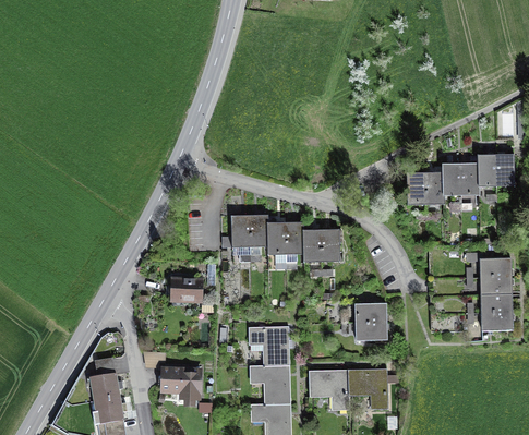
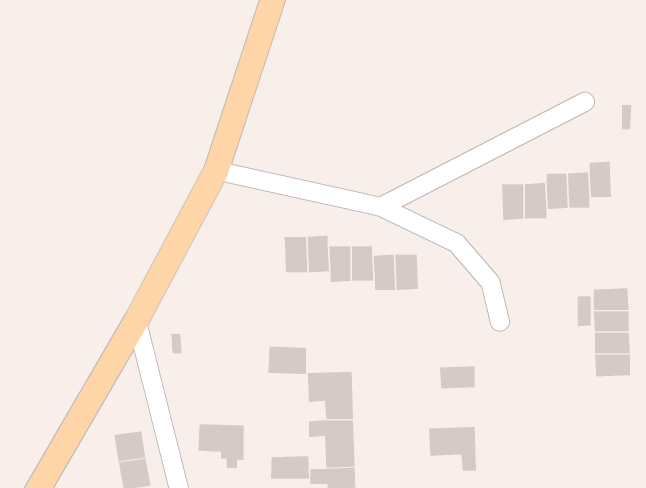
building: [495,156,515,185] -> none
building: [170,279,202,302] -> [268,346,307,374]
building: [357,303,386,323] -> none
building: [310,372,349,409] -> none
building: none -> [271,455,309,479]

